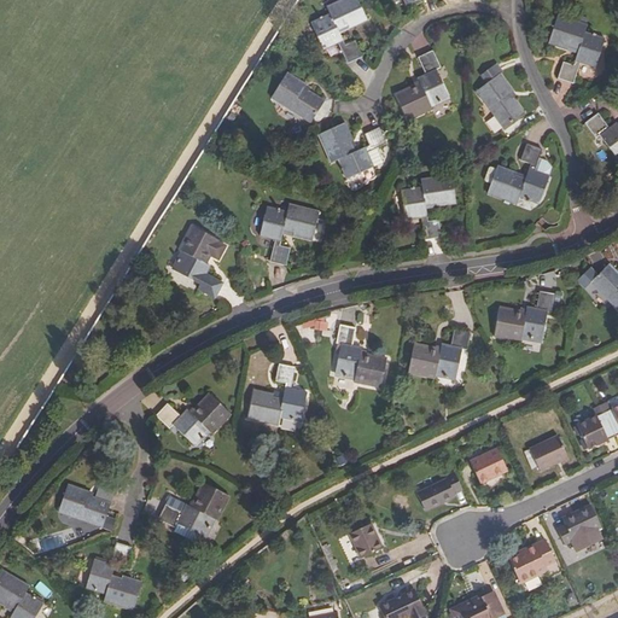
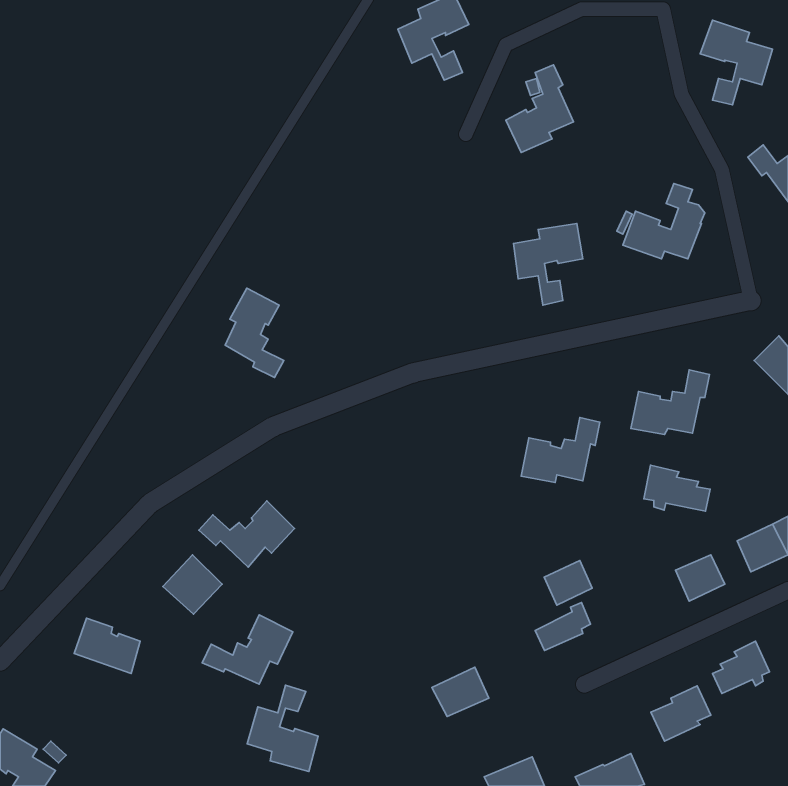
building: [272,72,325,122] -> none
building: [477,74,525,128] -> none
building: [319,123,385,179] -> none
building: [260,204,320,264] -> none
building: [334,325,386,386] -> none
building: [249,363,307,424] -> none
building: none -> [644,465,710,511]
building: none -> [163,555,222,614]
building: [471,449,508,484] -> [544,560,592,605]
building: [86,542,141,610] -> [247,685,318,771]

